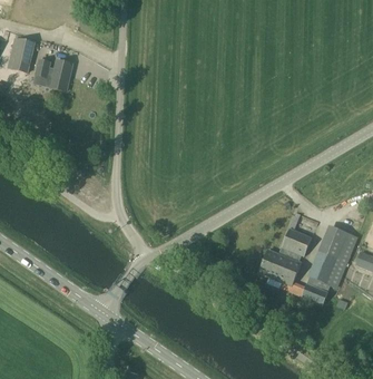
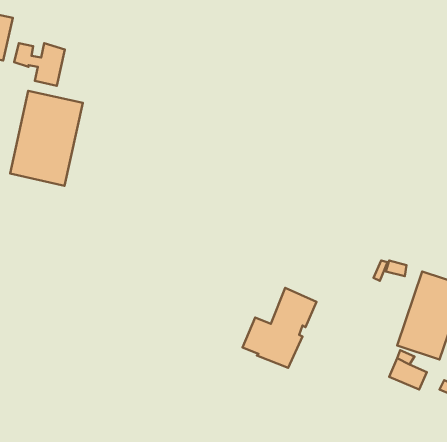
building: none -> [10,91,83,186]
building: [258,227,311,284] -> [243,288,317,368]

